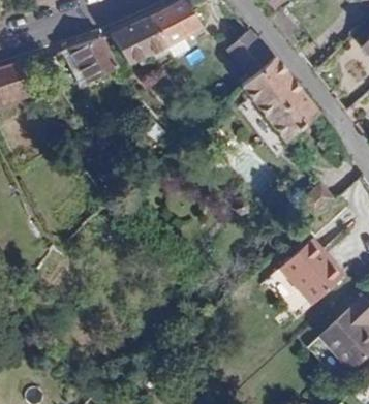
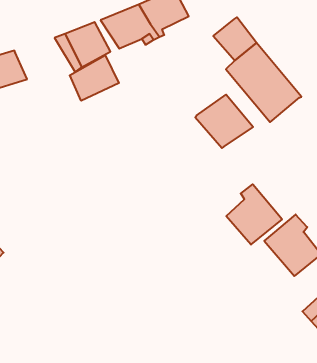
building: none -> [70,55,119,101]
building: none -> [195,95,253,148]
building: none -> [226,184,282,245]

